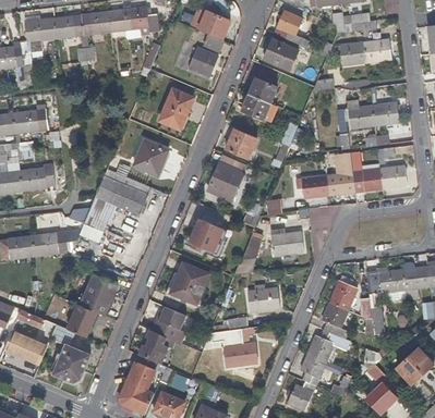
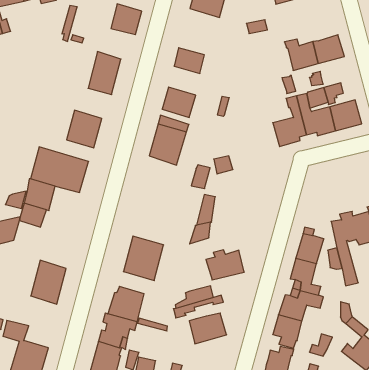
building: [247,77,277,103] -> none
building: [301,174,328,199] -> none
building: [188,218,219,251] -> none
building: [270,228,303,256] -> none
building: [67,303,97,336] -> none

